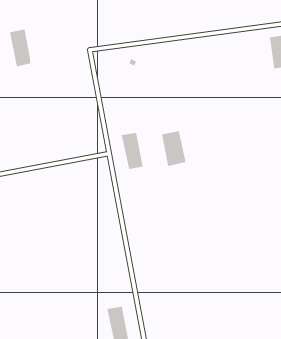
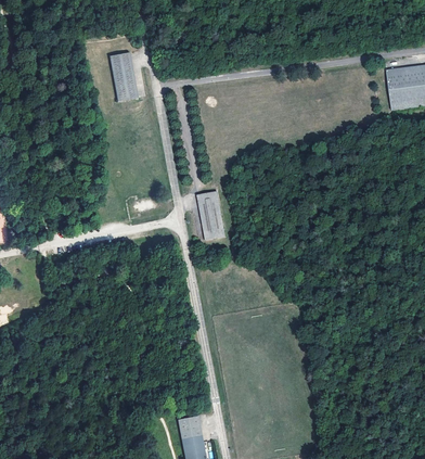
building: [9,29,31,67] -> [108,52,137,101]
building: [161,131,186,167] -> none

